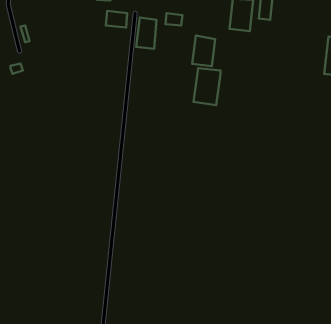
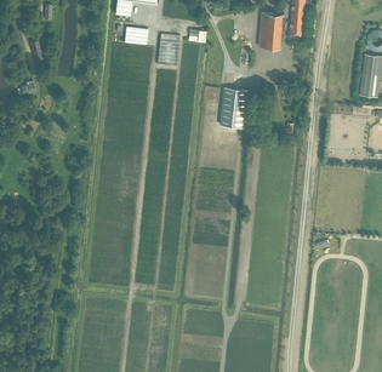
building: [192,36,215,66] -> none

